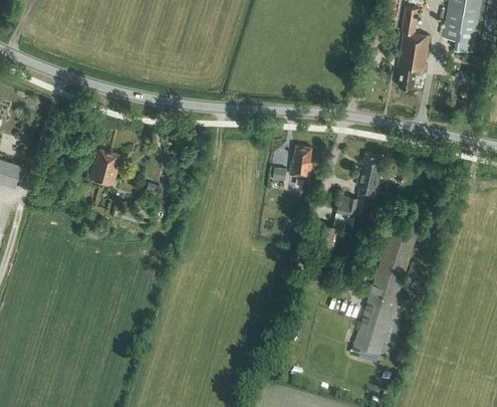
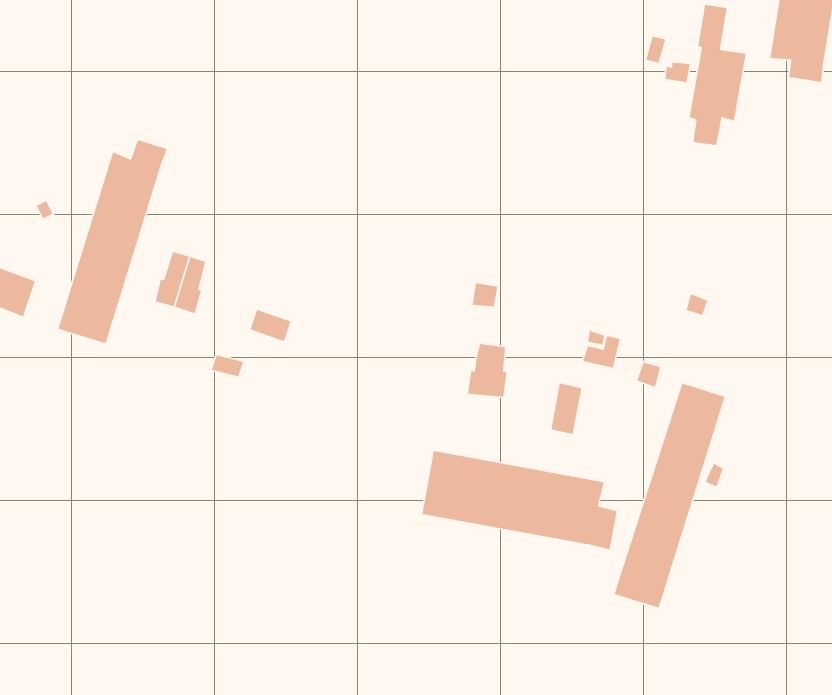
building: none -> [58,139,167,344]
building: [289,147,312,178] -> [467,343,507,398]
building: [356,155,382,199] -> none
building: none -> [422,450,617,550]

